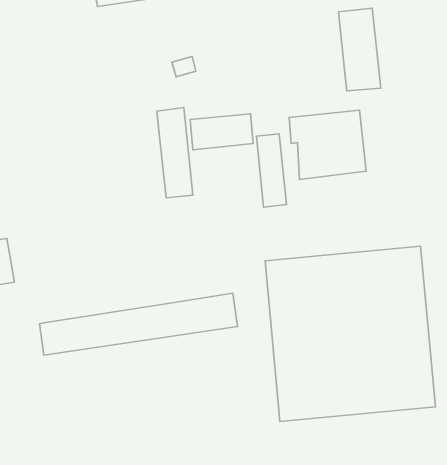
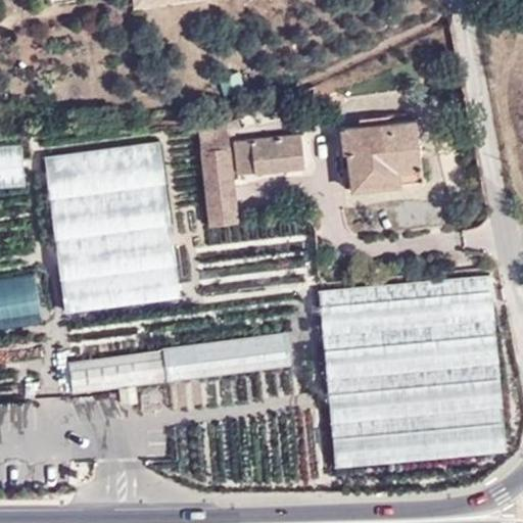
building: [339,8,381,91] -> none
building: none -> [43,141,182,320]
building: [257,134,287,207] -> none

